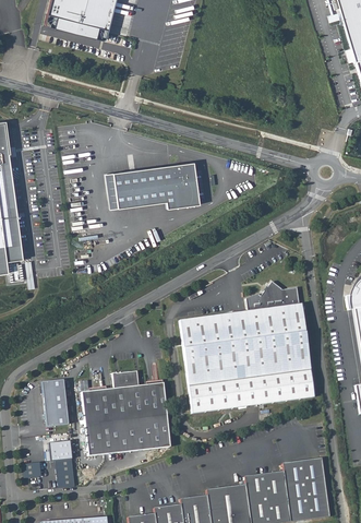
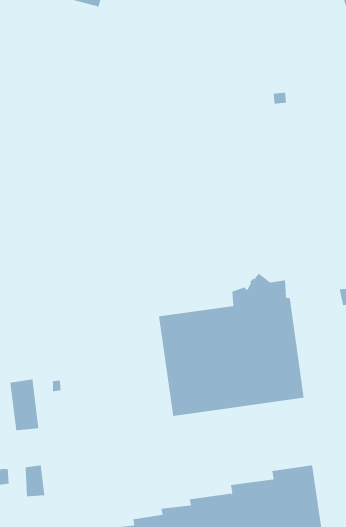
building: [107,162,202,210] -> none
building: [82,372,170,456] -> none
building: [46,440,73,462] -> none

